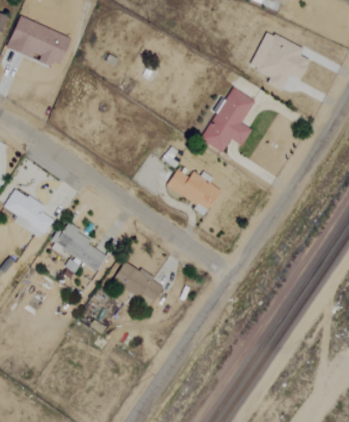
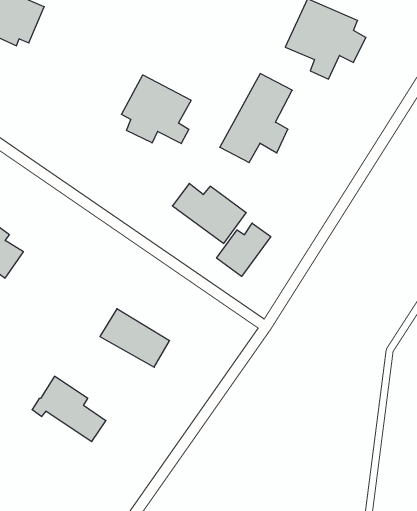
building: none -> [121,75,191,144]
building: none -> [217,223,271,276]
building: [52,222,107,271] -> [32,376,106,442]

